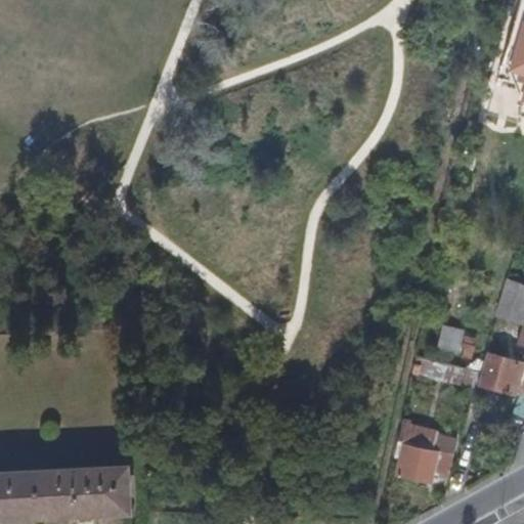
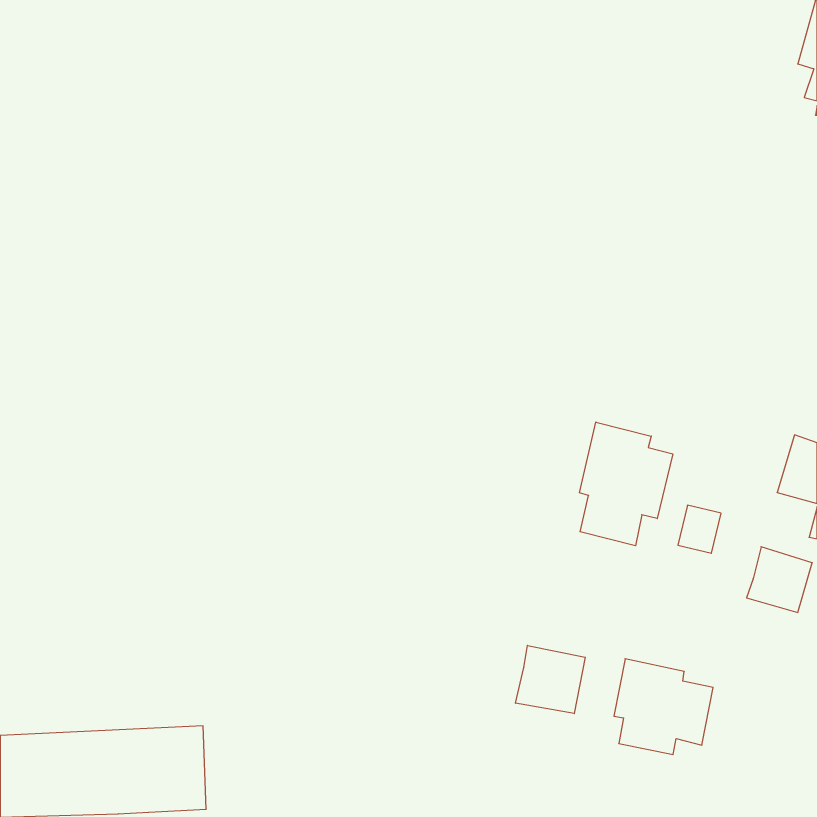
building: none -> [579,422,673,546]
building: none -> [516,645,585,714]

